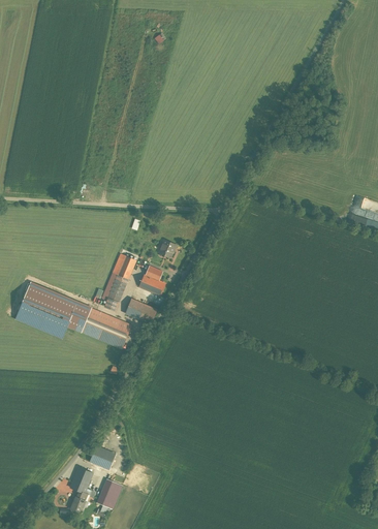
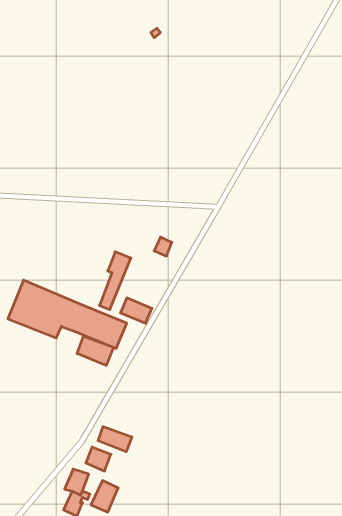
building: [138,264,165,294] -> none
building: none -> [77,336,113,365]
building: none -> [98,427,132,452]

